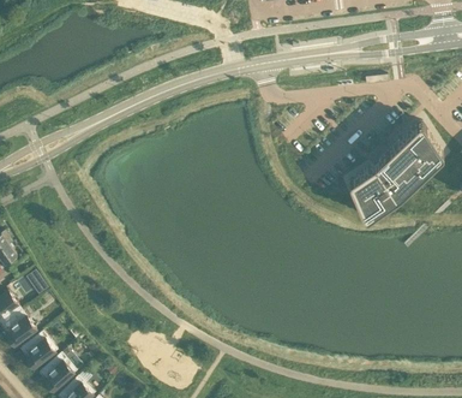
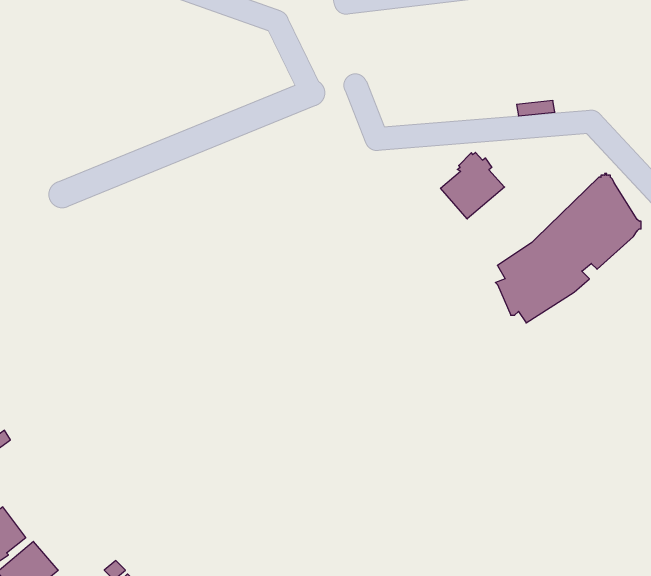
building: none -> [441,152,505,219]

